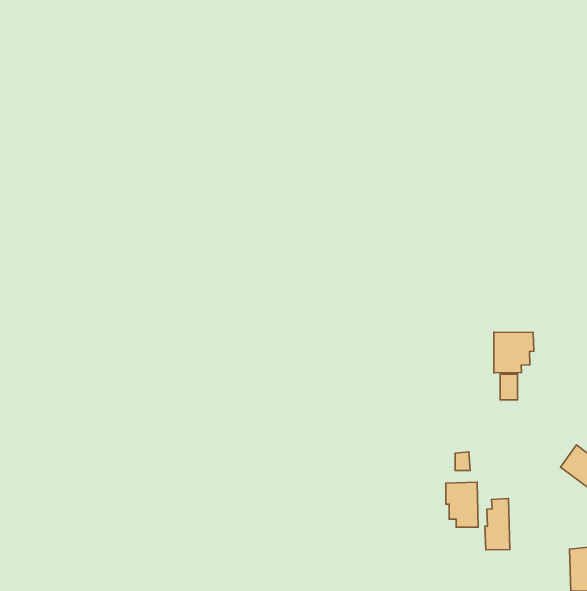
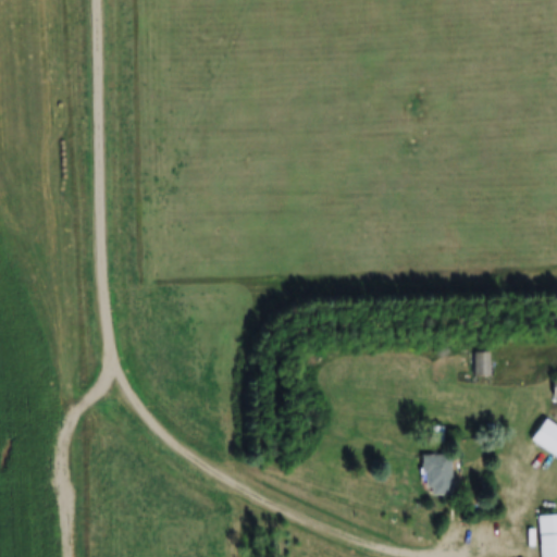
building: [494,332,534,373] -> none
building: [485,499,510,550] -> none

